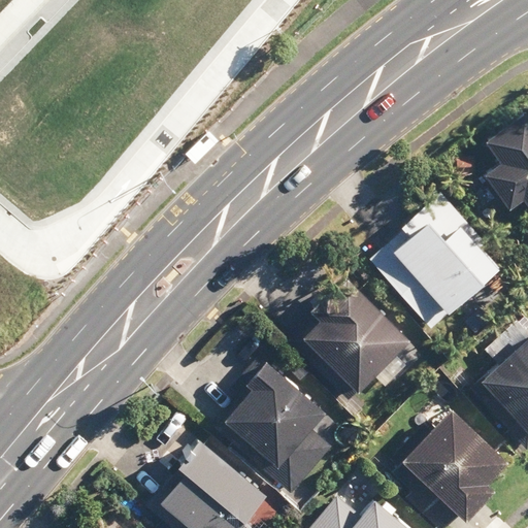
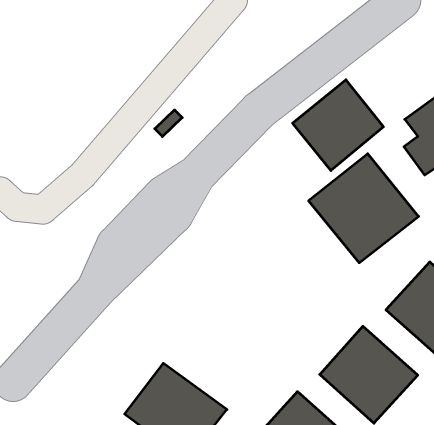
building: none -> [293,80,383,171]
building: [298,280,417,399] -> none
building: [220,365,337,478] -> none

